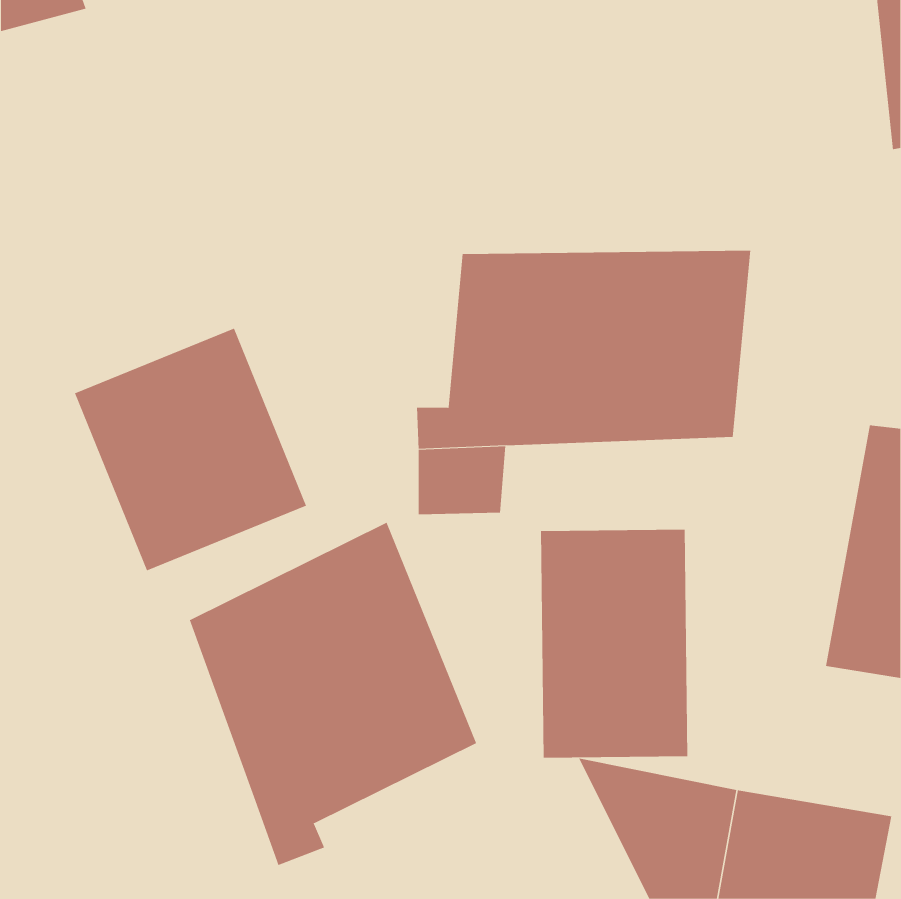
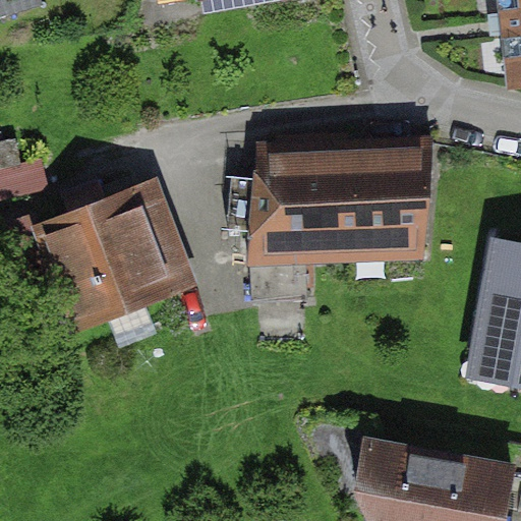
building: [189,522,477,866] -> none
building: [540,529,688,758] -> none

